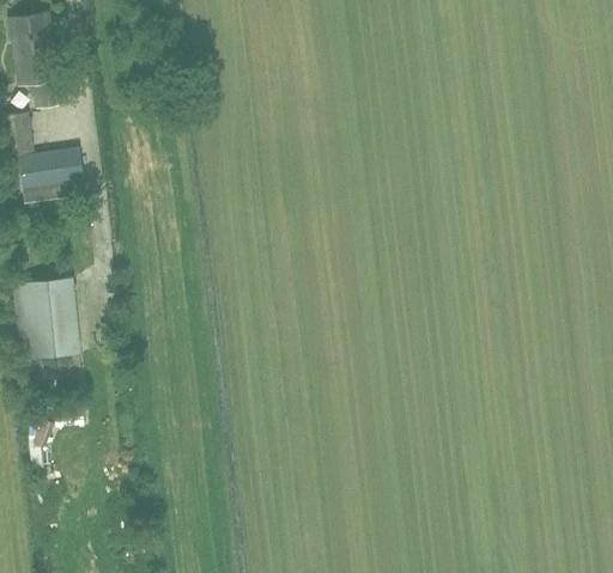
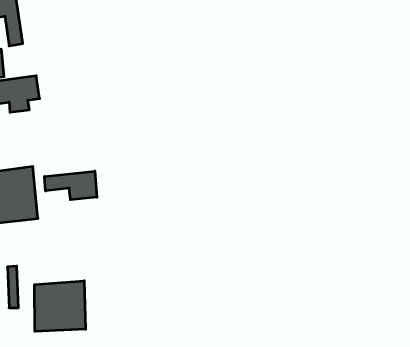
building: none -> [45,171,97,200]
building: none -> [35,281,86,331]

